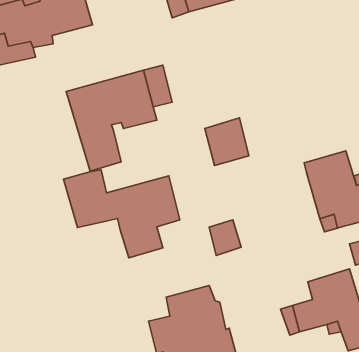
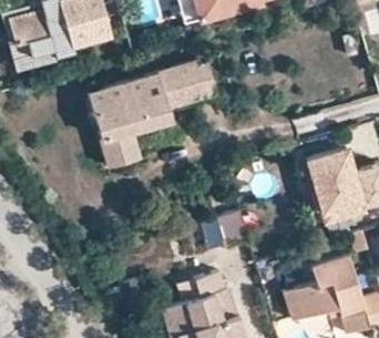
building: [205,118,249,165] -> [176,59,217,103]
building: [63,170,180,258] -> none

